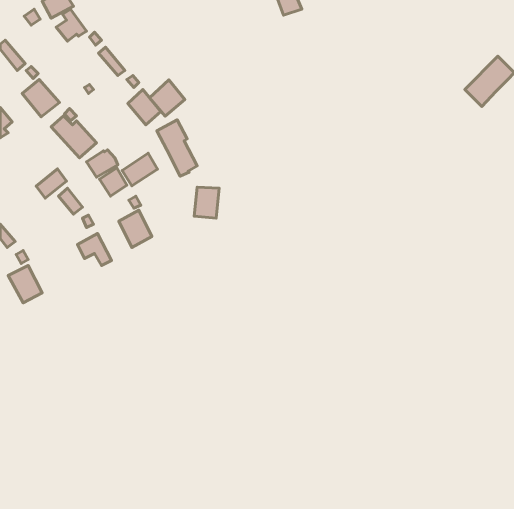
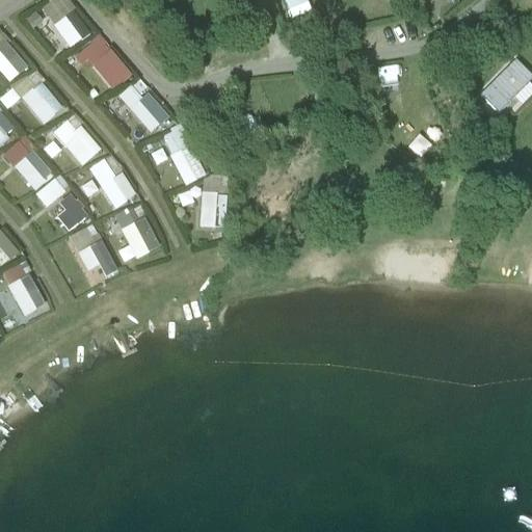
building: [150,80,185,116] -> none
building: none -> [16,150,50,187]
building: [122,153,157,186] -> none

